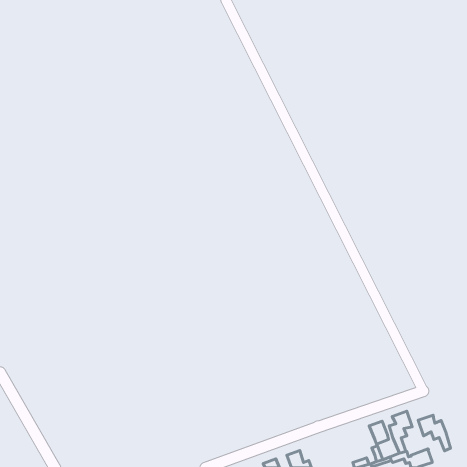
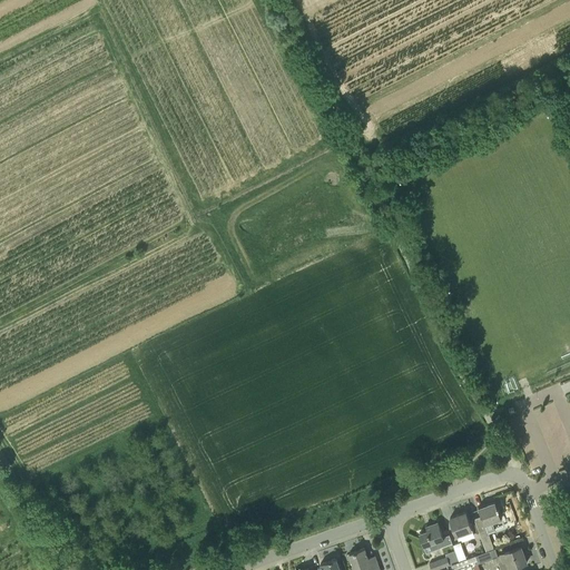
building: [418,415,451,451] -> none
building: none -> [419,522,452,548]

